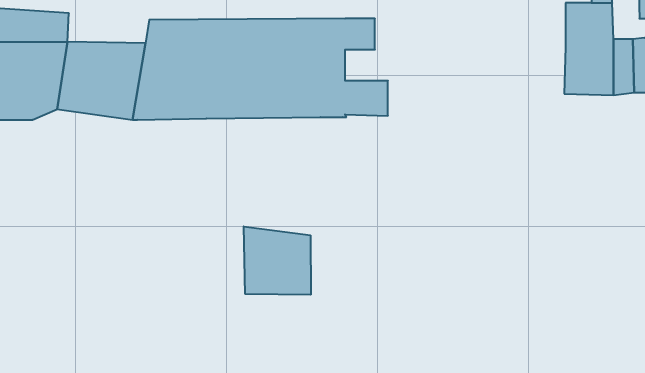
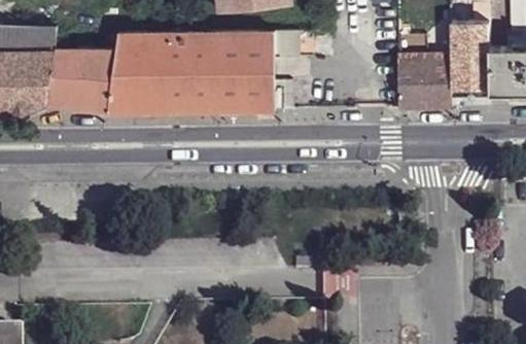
building: none -> [400,55,452,108]
building: [244,226,311,295] -> none

